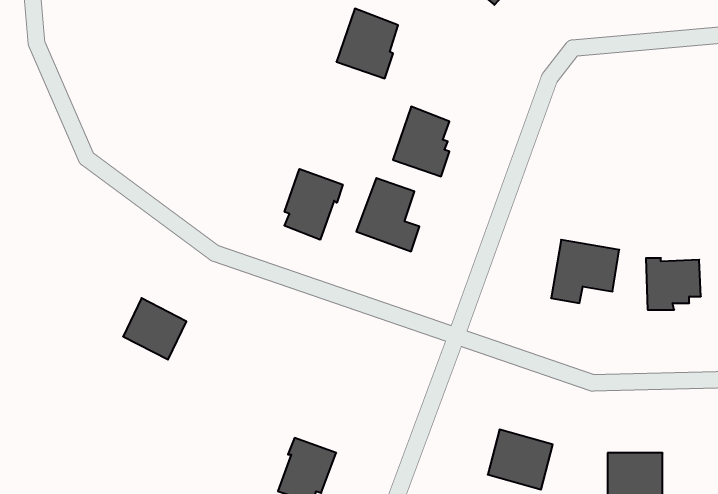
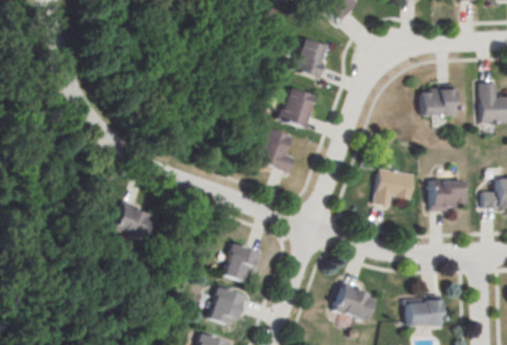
building: [336,9,398,78] -> [291,37,328,79]
building: none -> [423,86,456,115]
building: [284,169,343,240] -> none
building: none -> [221,246,257,285]

